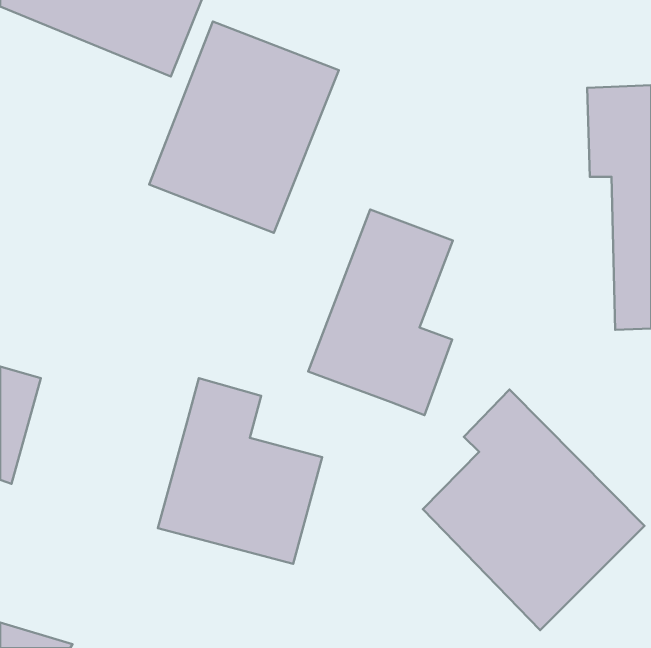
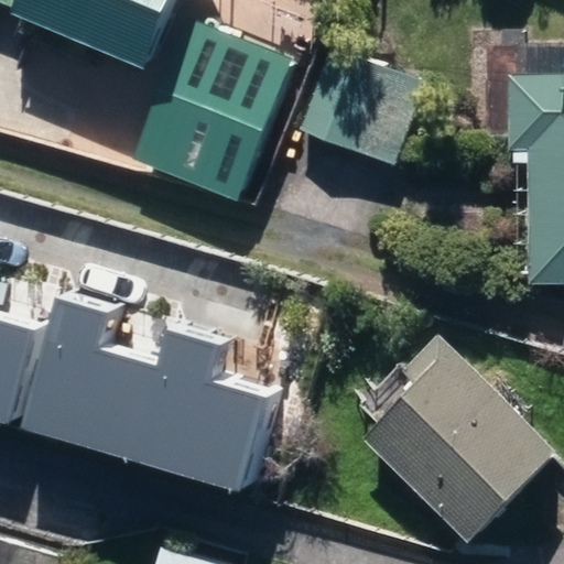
building: none -> [302,47,426,165]
building: [308,210,453,415] -> none
building: none -> [21,296,162,457]

